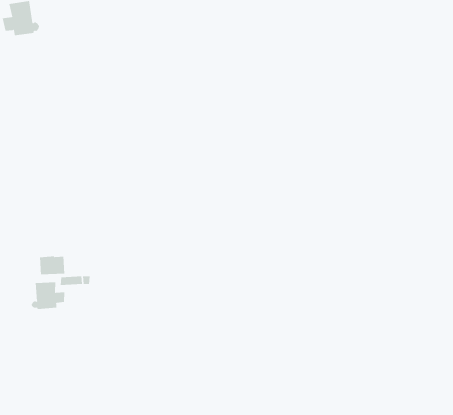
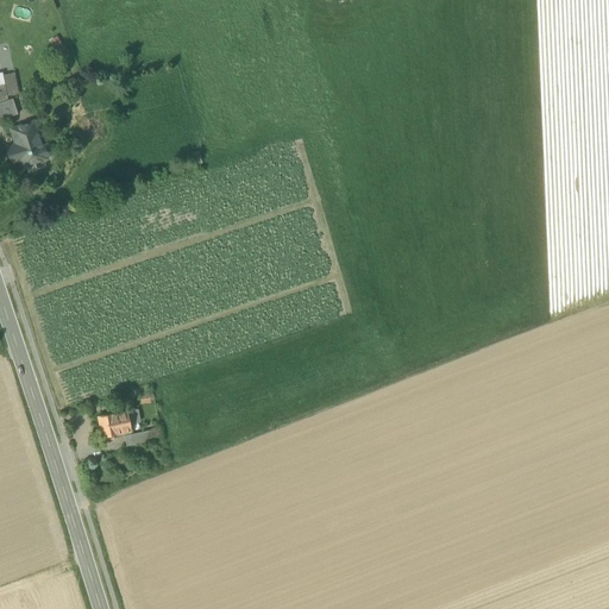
building: [31,281,65,310] -> none

